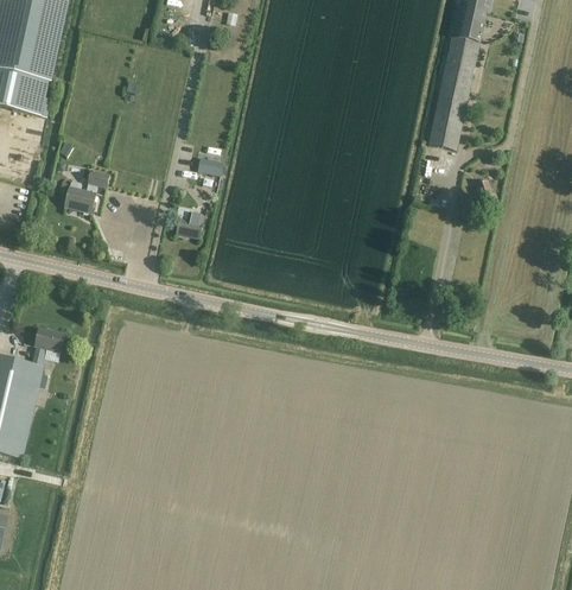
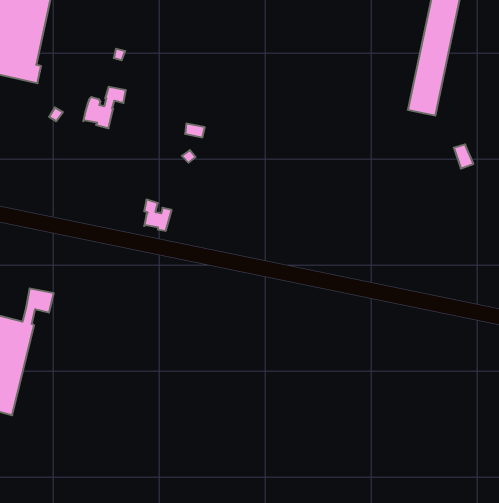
building: [64,170,108,212] -> [83,87,126,128]
building: [176,205,204,237] -> [144,200,172,231]

